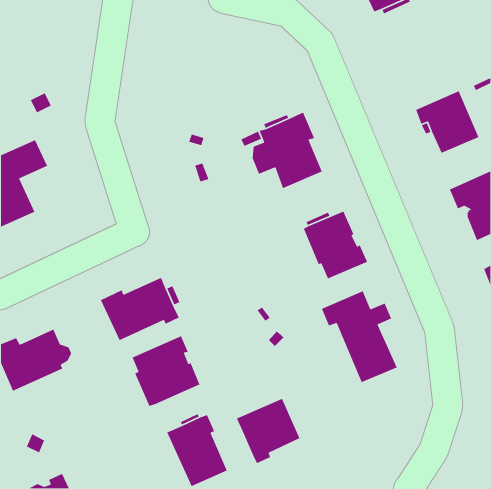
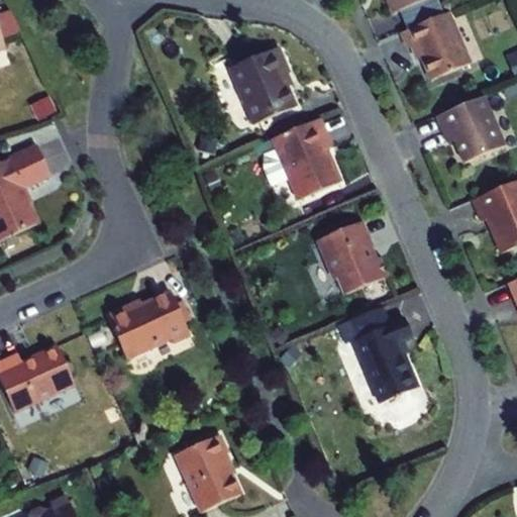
building: none -> [401,11,470,80]
building: none -> [229,47,295,124]
building: [131,335,201,407] -> none
building: [236,398,301,464] -> none

